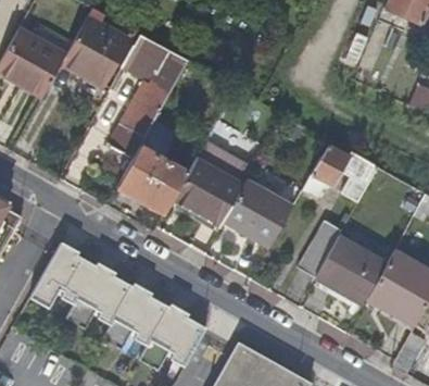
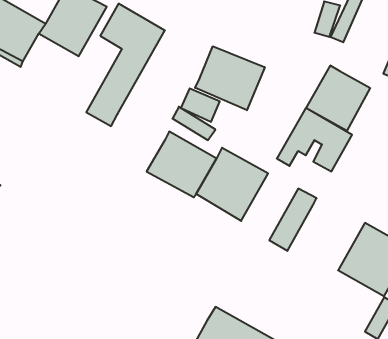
building: none -> [195,46,265,110]
building: none -> [306,65,370,131]
building: [117,146,188,213] -> none
building: [312,237,386,310] -> none
building: [30,240,207,368] -> none

